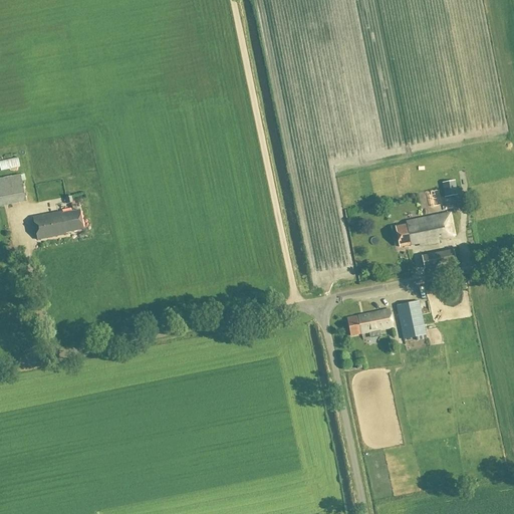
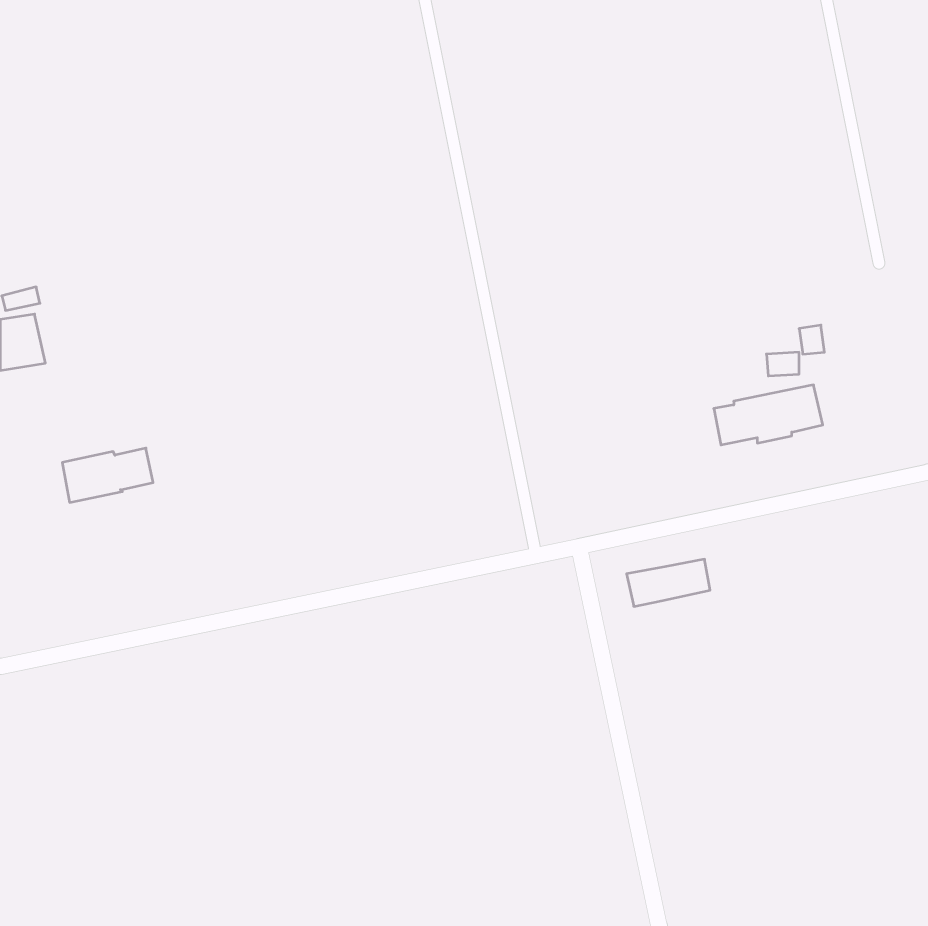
building: [32,209,82,239] -> [62,448,153,502]
building: [396,300,426,338] -> none

